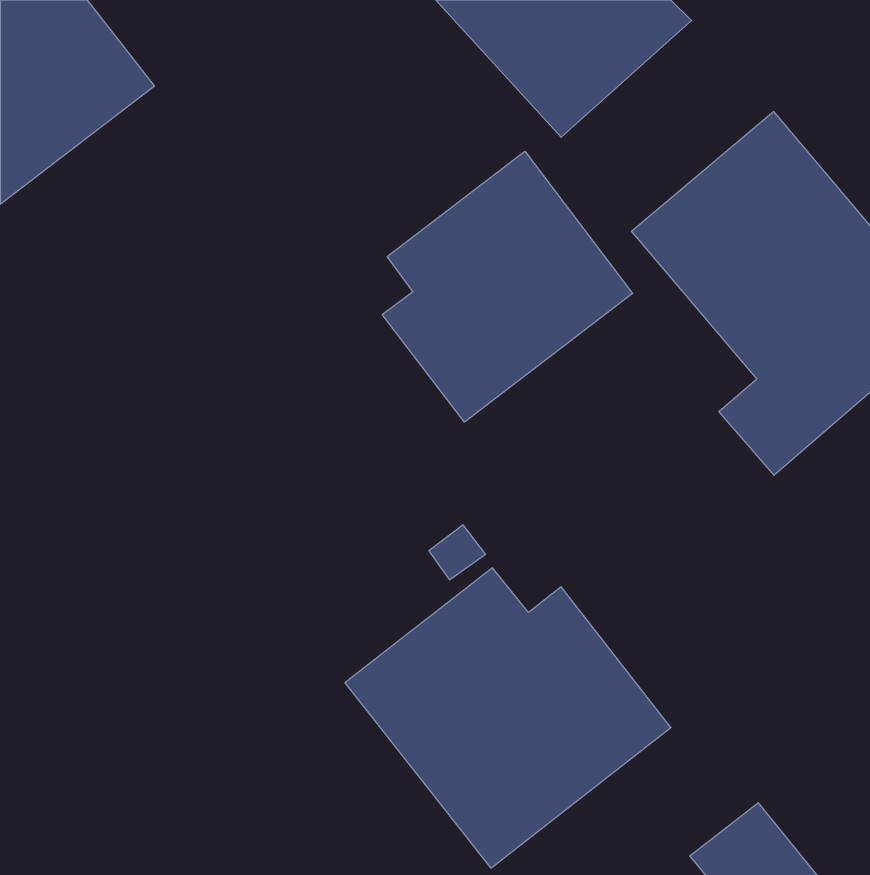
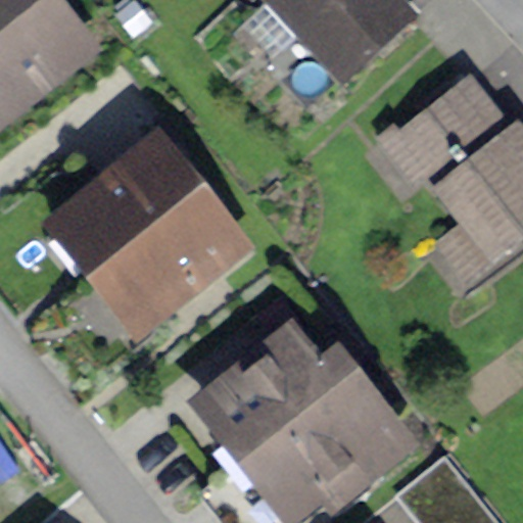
building: [382,151,633,422] -> none
building: none -> [59,143,247,329]

